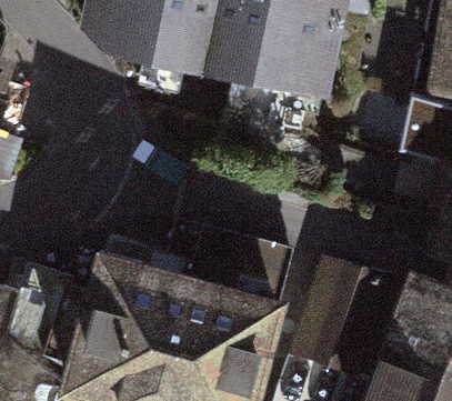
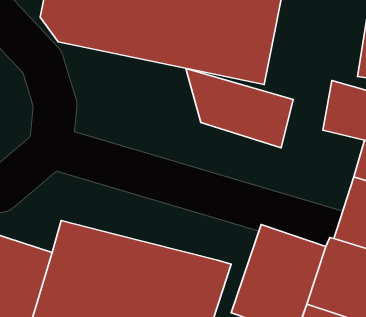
building: none -> [186,68,293,148]
building: [162,221,290,299] -> none

